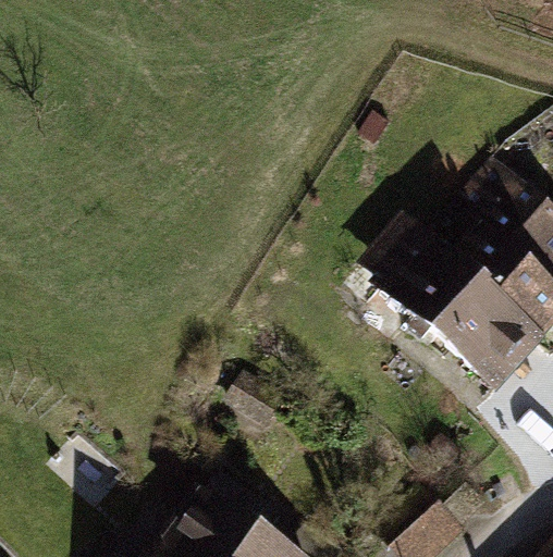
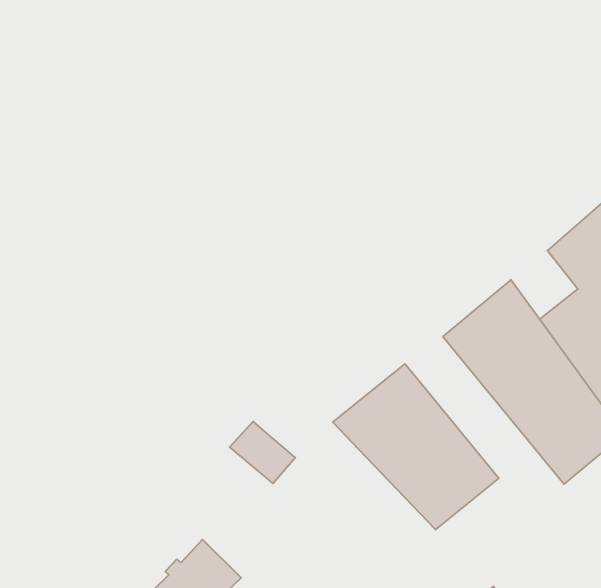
building: none -> [333,364,499,530]

